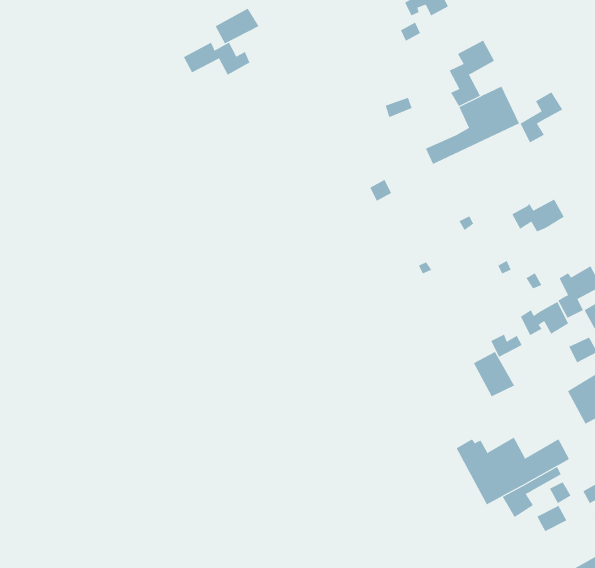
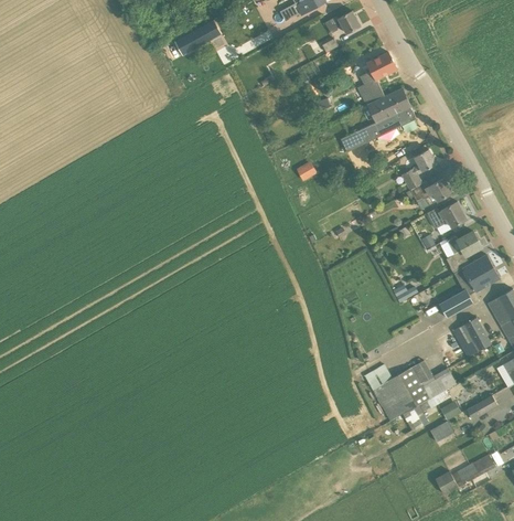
building: [183,42,250,76] -> none
building: [520,92,563,143] -> [401,149,436,190]
building: [520,301,569,336] -> [427,201,465,228]
building: [473,351,515,397] -> none

